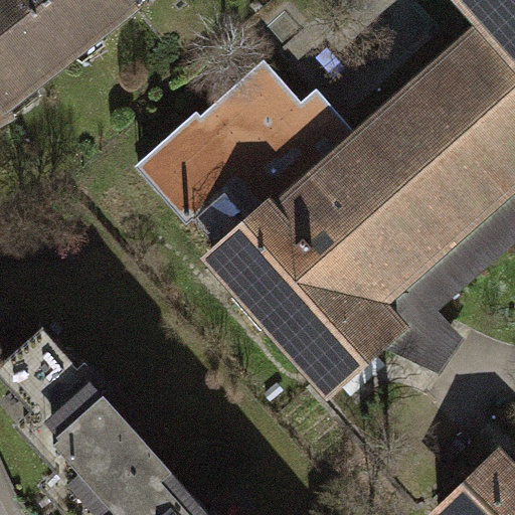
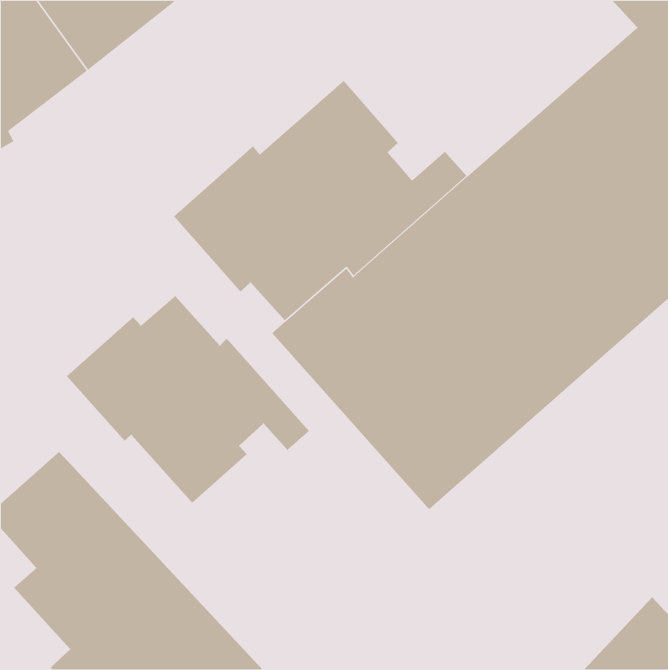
building: none -> [66,295,310,504]

